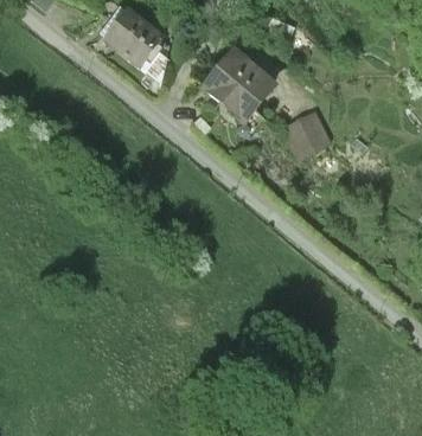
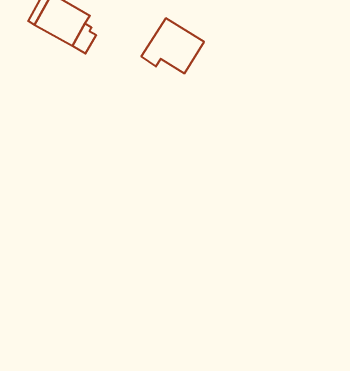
building: [283,111,327,154] -> none

